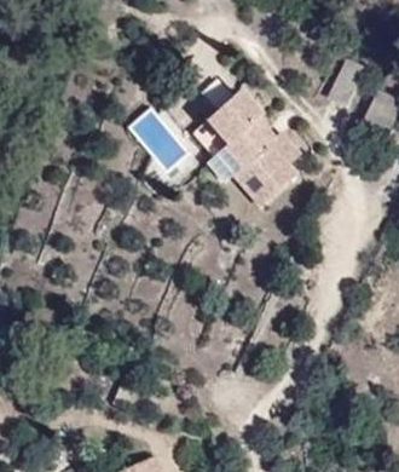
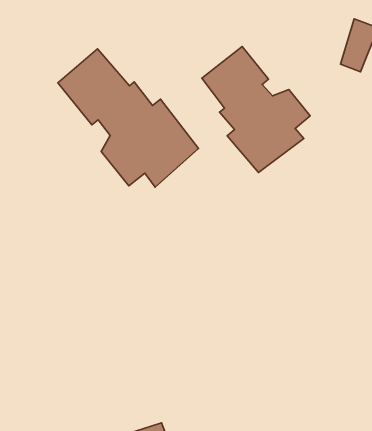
building: none -> [58,49,198,187]

